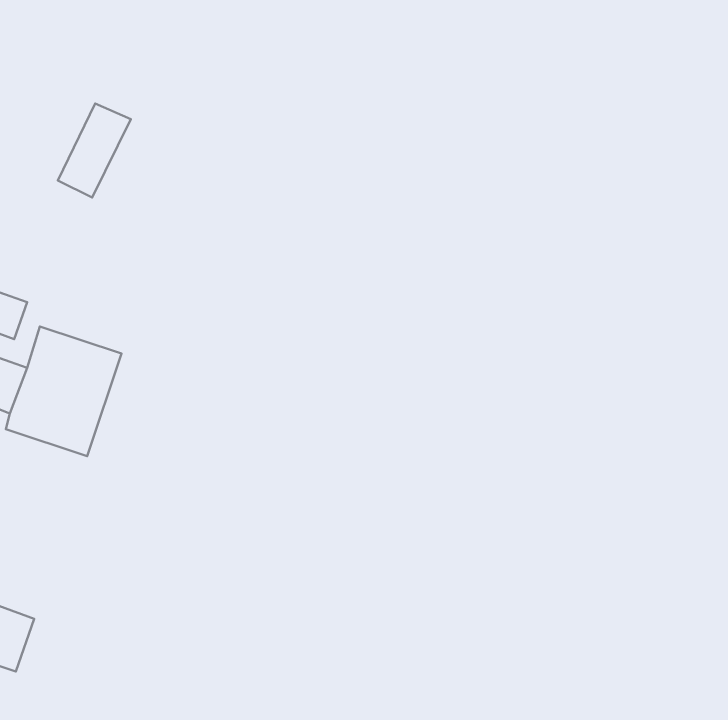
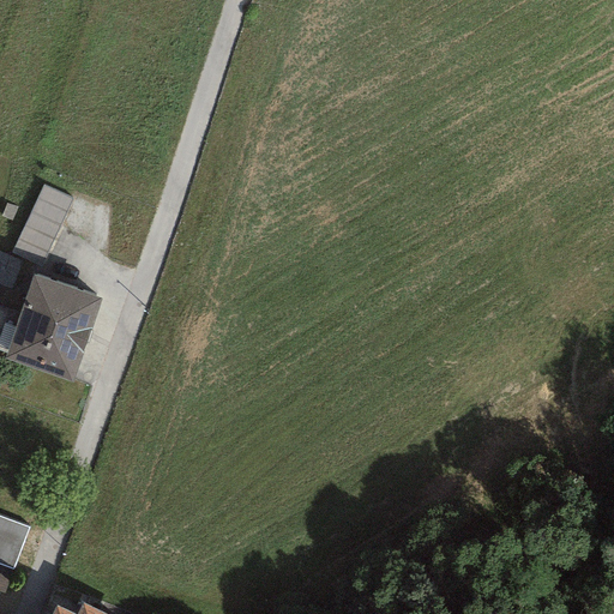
building: [58,103,131,198] -> [13,180,74,259]

